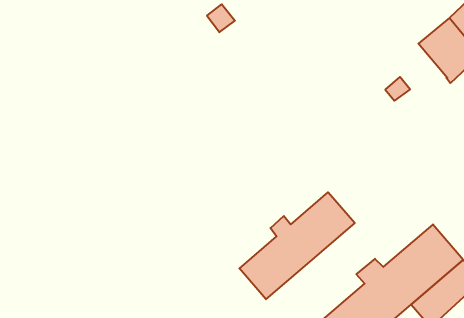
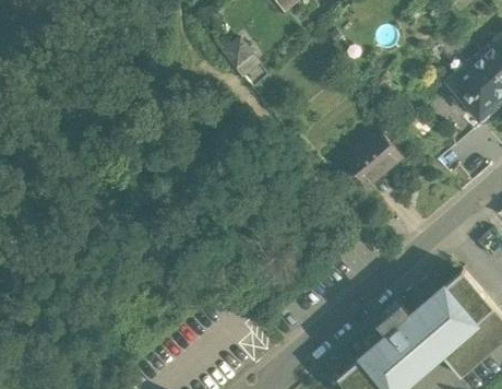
building: none -> [344,132,399,188]
building: [239,192,355,299] -> none

